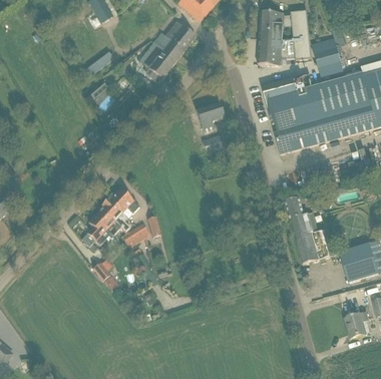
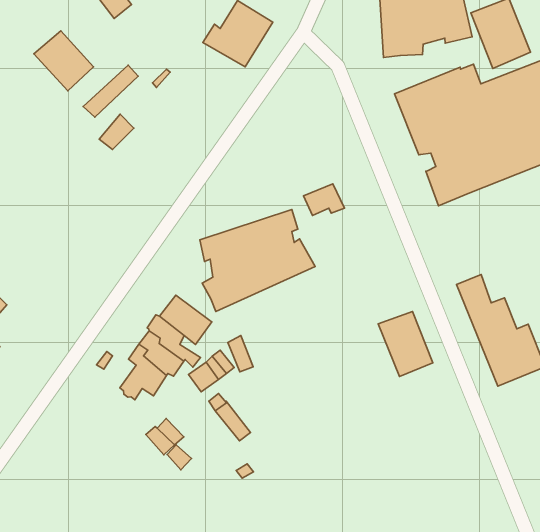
building: none -> [34,31,94,91]
building: [138,42,175,80] -> none
building: [195,101,224,131] -> none
building: none -> [200,209,315,311]
building: none -> [378,311,433,376]

